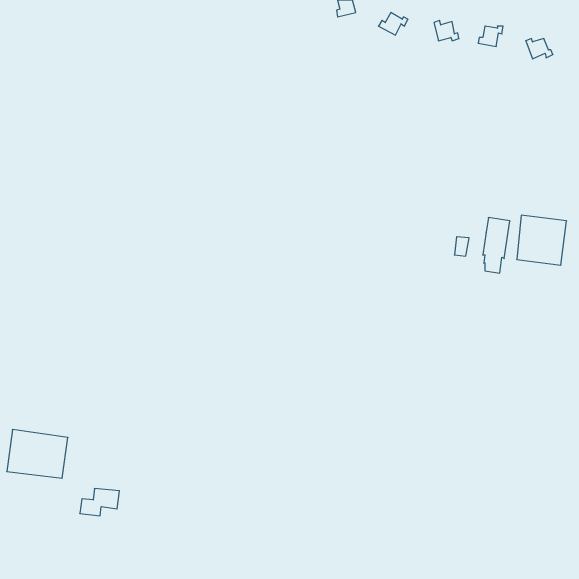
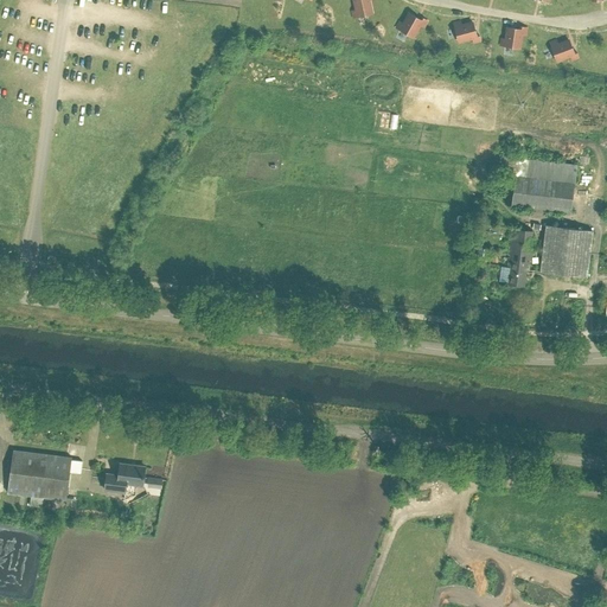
building: none -> [511,161,575,212]
building: [80,489,119,516] -> [103,464,145,492]

